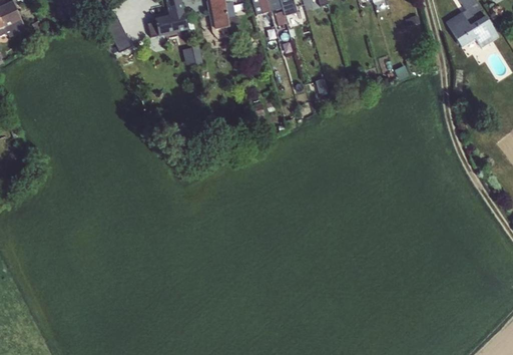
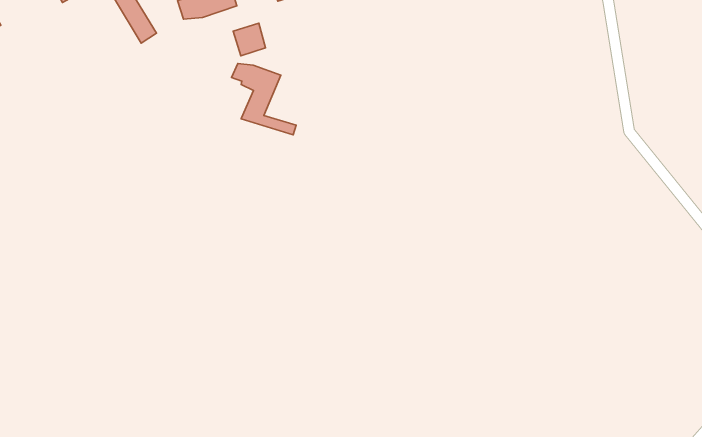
building: none -> [232,63,296,135]

